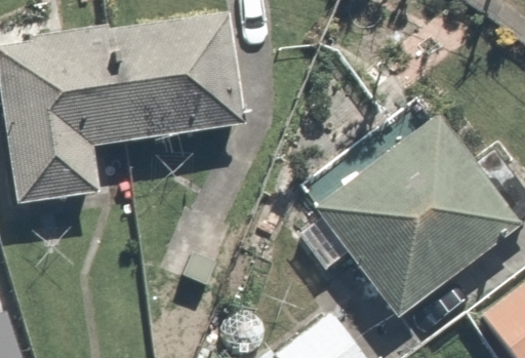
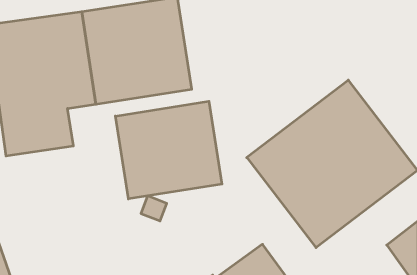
building: none -> [115,101,222,199]

